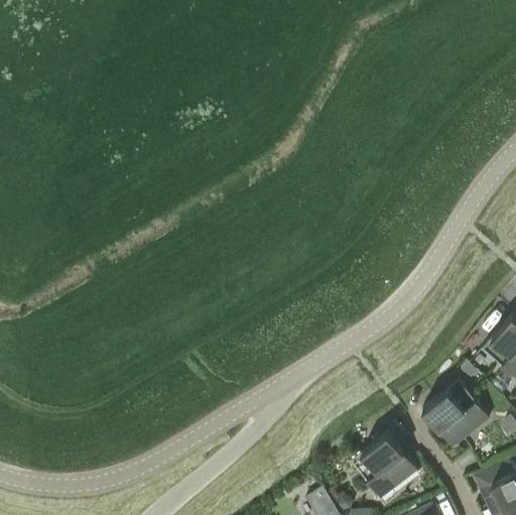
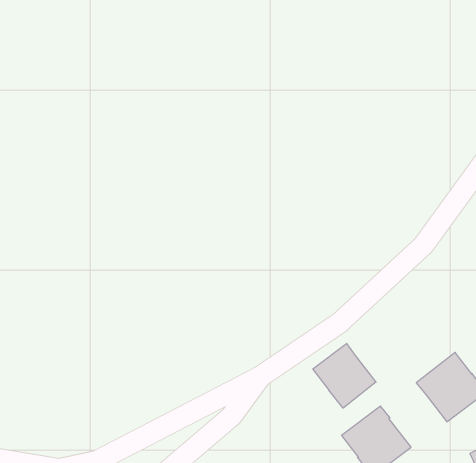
building: none -> [313,343,376,408]

